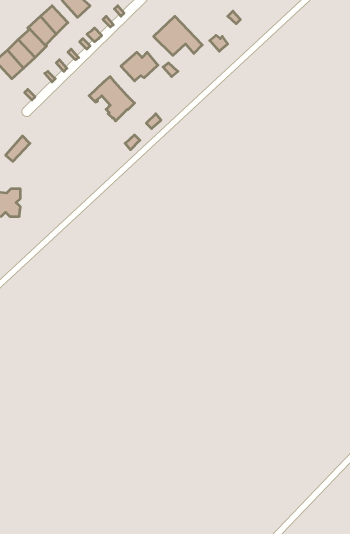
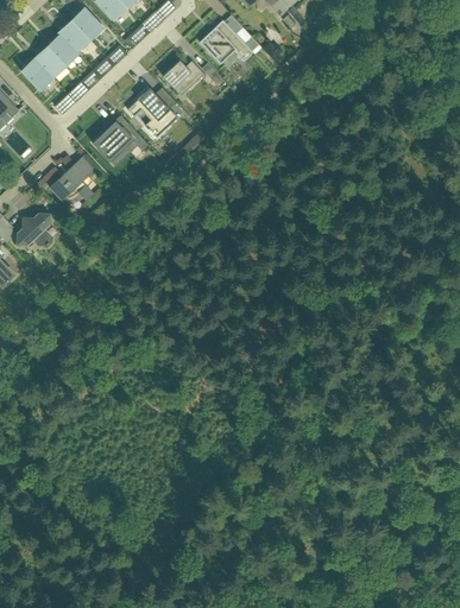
building: none -> [90,116,147,165]
building: none -> [50,152,95,201]

